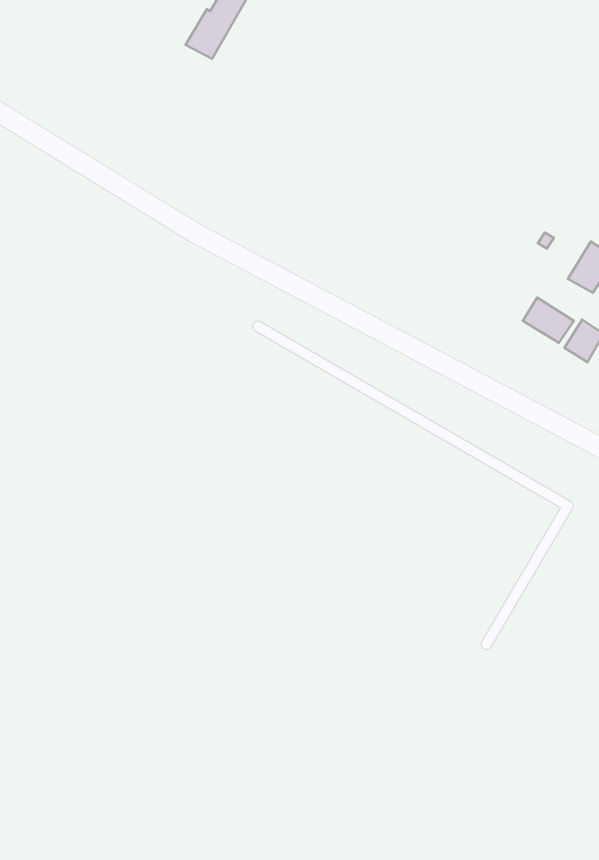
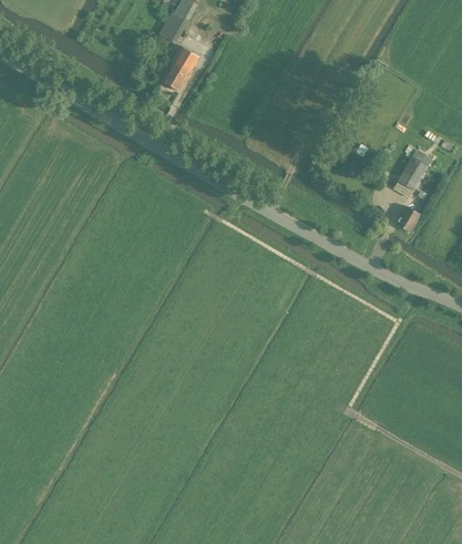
building: none -> [163,44,199,90]
building: [523,298,574,343] -> none

